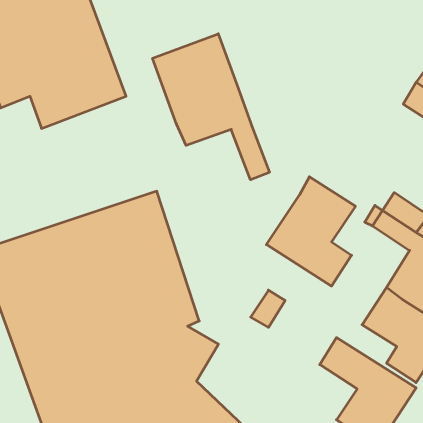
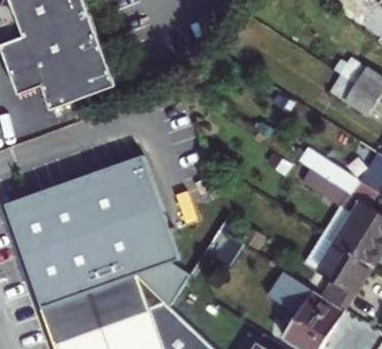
building: [153,34,269,180] -> none
building: [266,177,355,286] -> none

